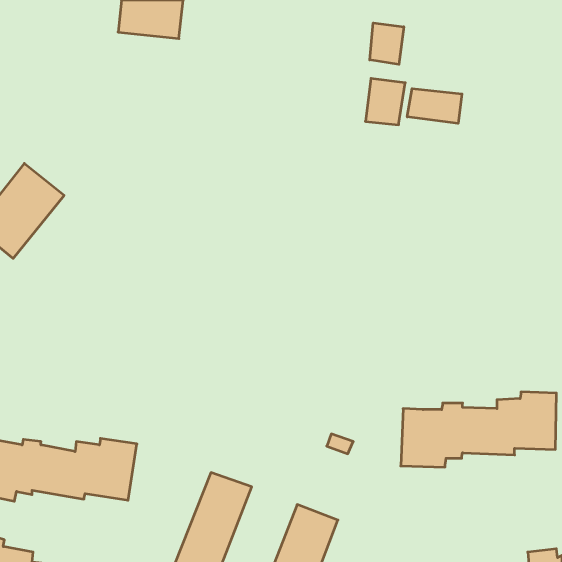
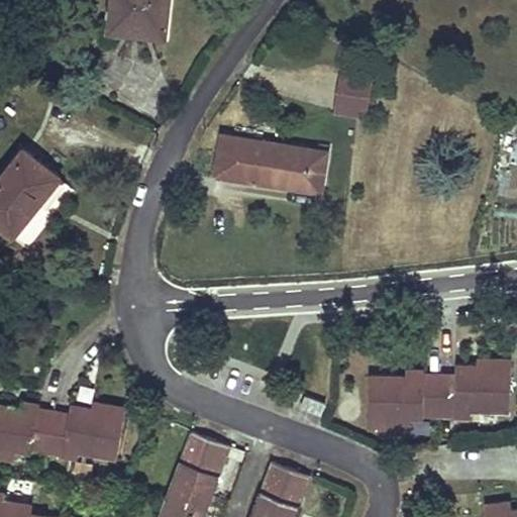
building: [370,23,404,64] -> none
building: [407,89,462,123] -> none
building: none -> [215,137,325,193]

